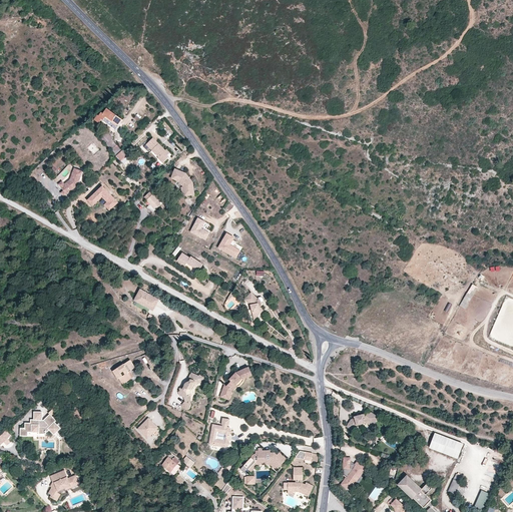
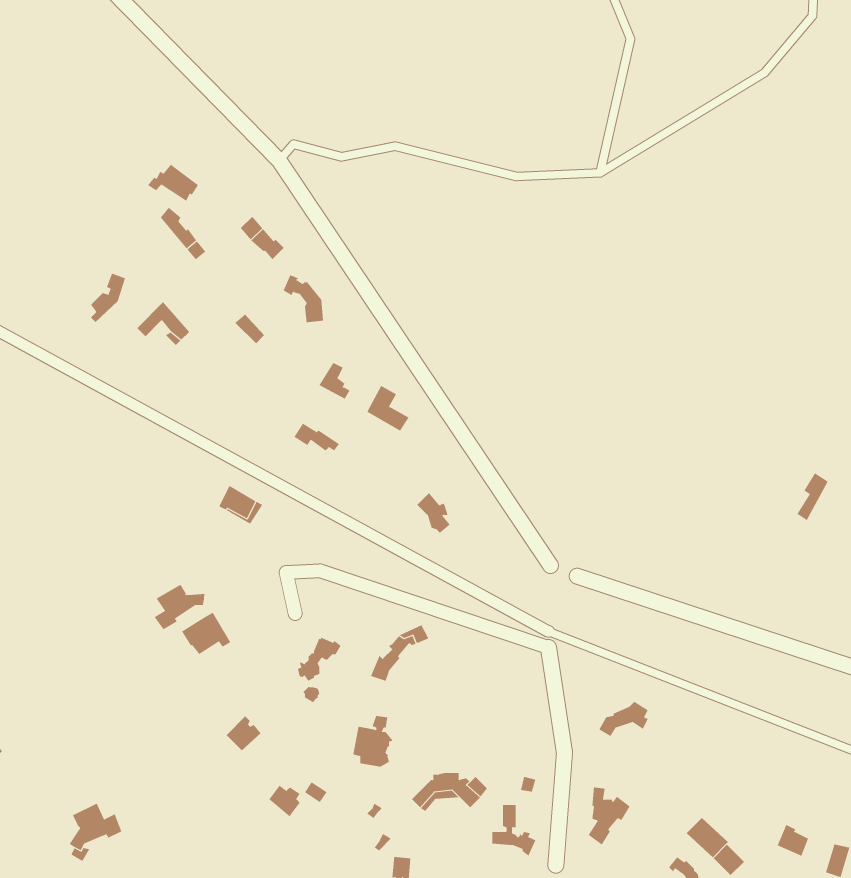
building: none -> [154,584,205,630]
building: [25,410,60,433] -> none
building: [429,433,462,457] -> none

